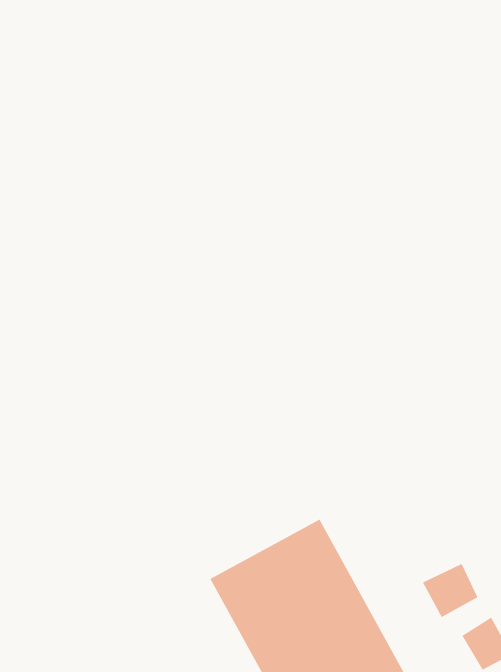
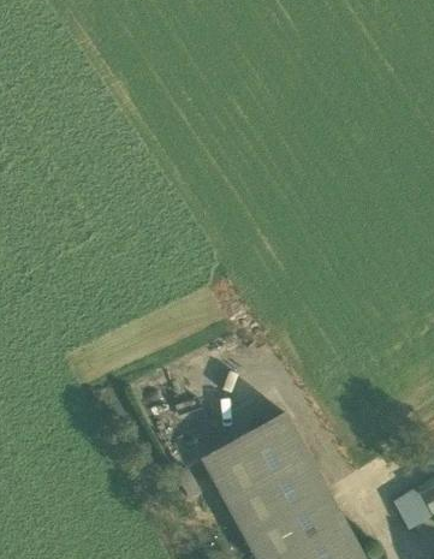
building: [422,563,478,618] -> none

